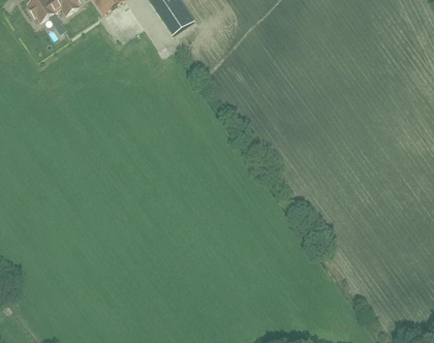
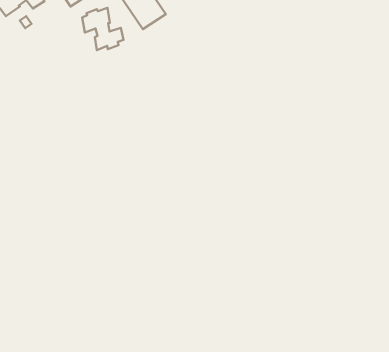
building: none -> [82,8,124,50]

